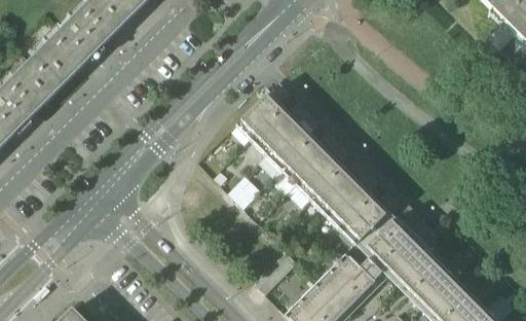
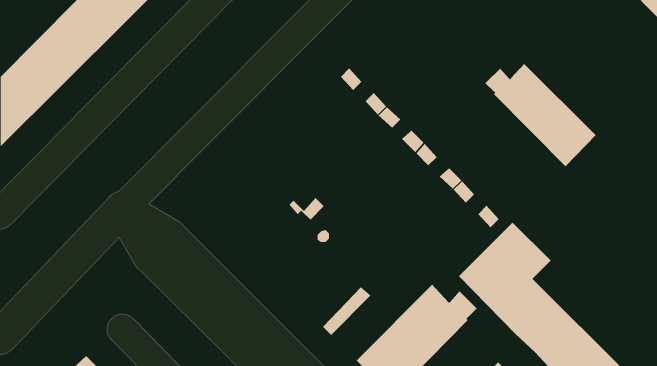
building: none -> [485,63,596,167]
building: [236,93,385,242] -> none

